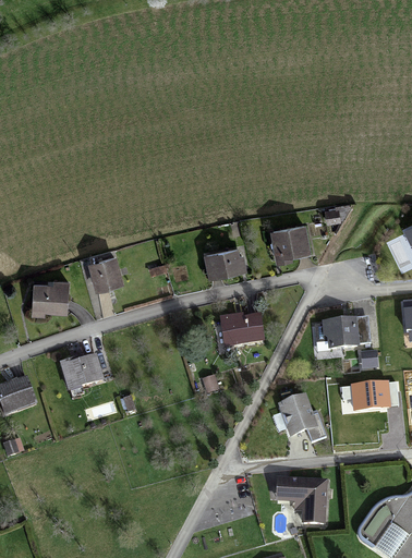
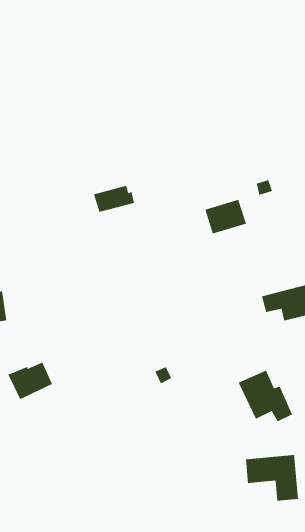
building: [203,250,242,272] -> [93,185,135,212]
building: [86,256,120,290] -> none
building: [217,316,259,345] -> none

